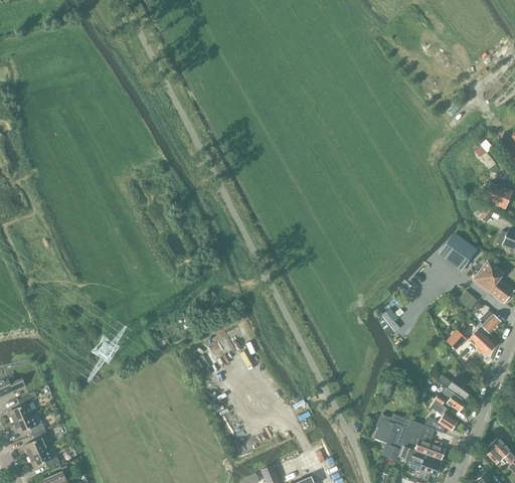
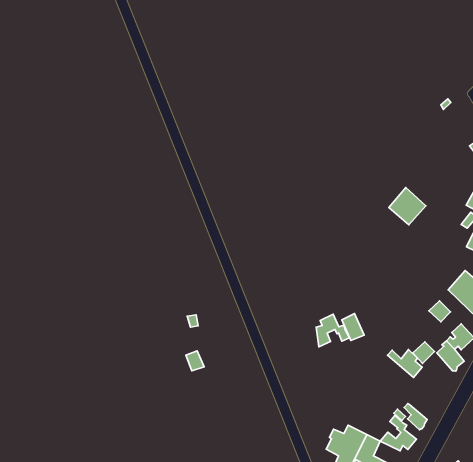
building: [442,235,476,270] -> [389,187,426,225]
building: none -> [316,314,350,347]
building: [438,373,471,398] -> [387,350,422,377]

